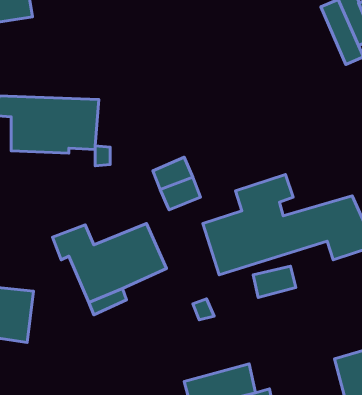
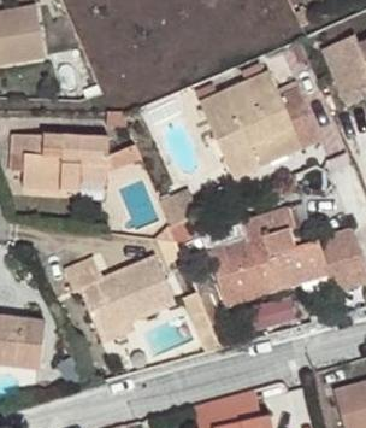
building: none -> [200,72,323,178]

